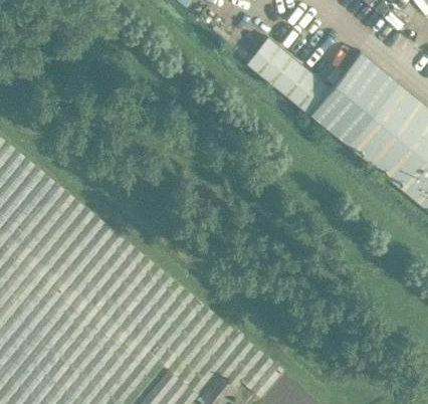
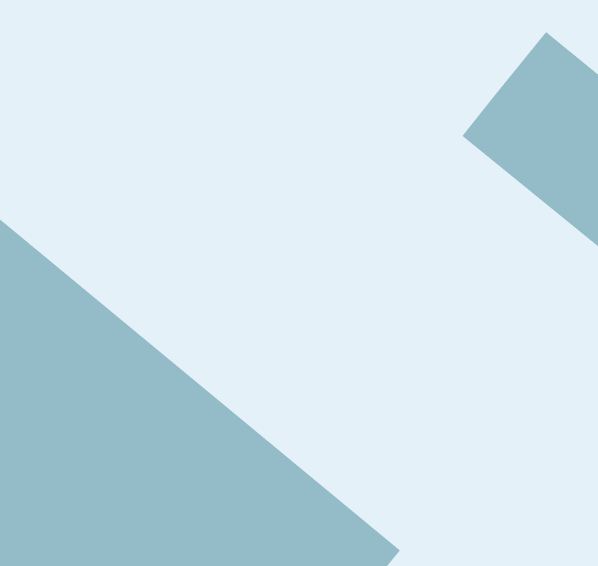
building: [246,38,330,115] -> none

